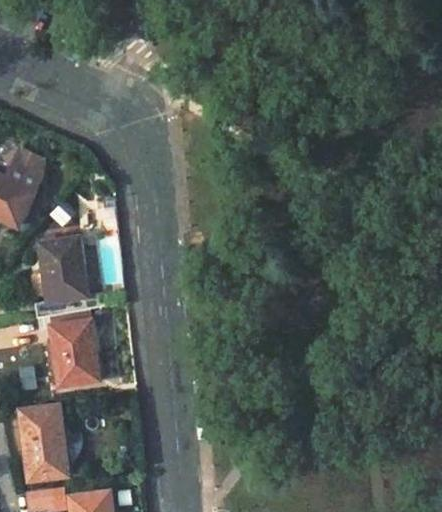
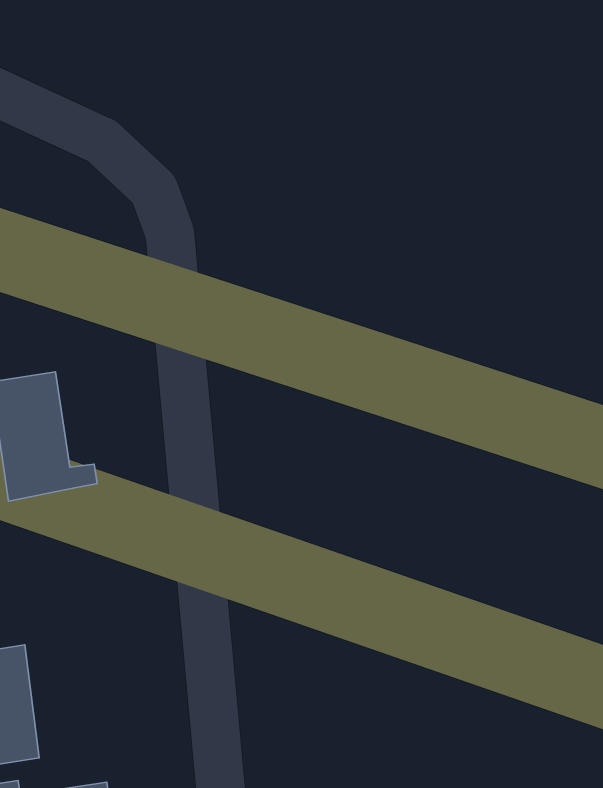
building: [49,307,99,383] -> none

